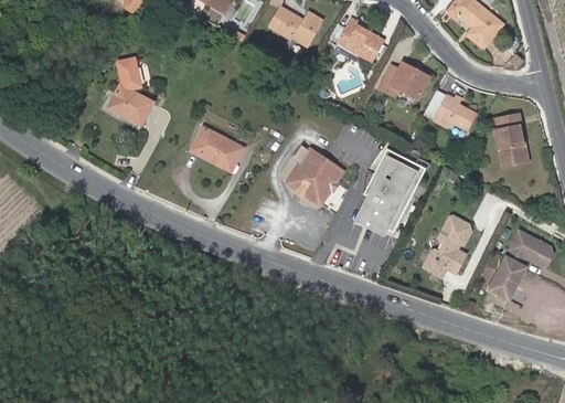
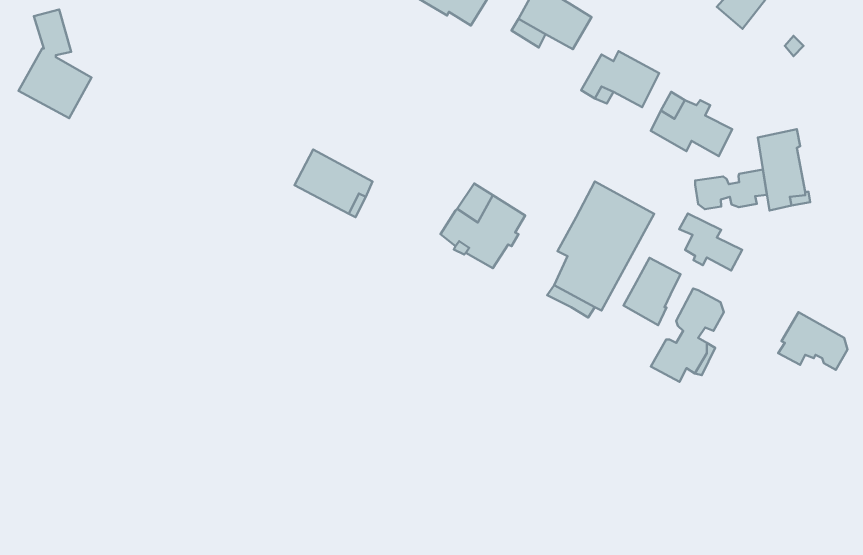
building: [106,57,153,128] -> [18,10,91,118]
building: none -> [695,170,767,209]
building: none -> [679,214,742,271]
building: none -> [624,258,680,325]
building: [488,258,525,301] -> none

